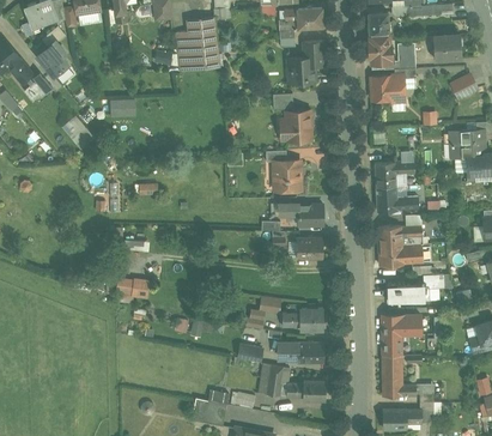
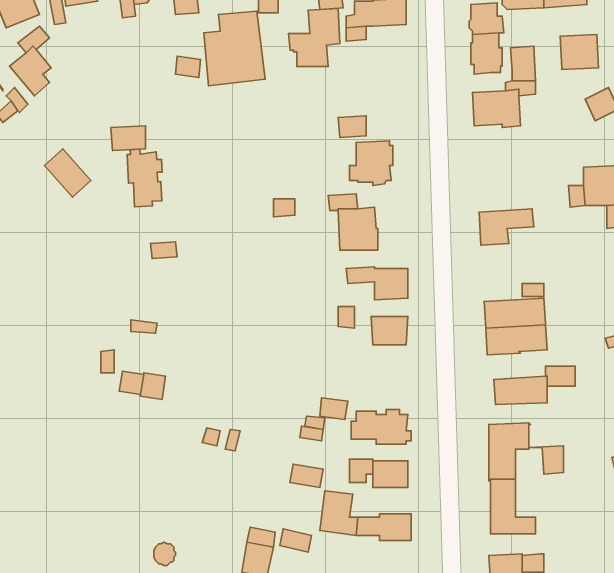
building: [287,41,324,83] -> [288,9,340,67]
building: none -> [127,149,162,207]
building: [376,186,419,211] -> none

